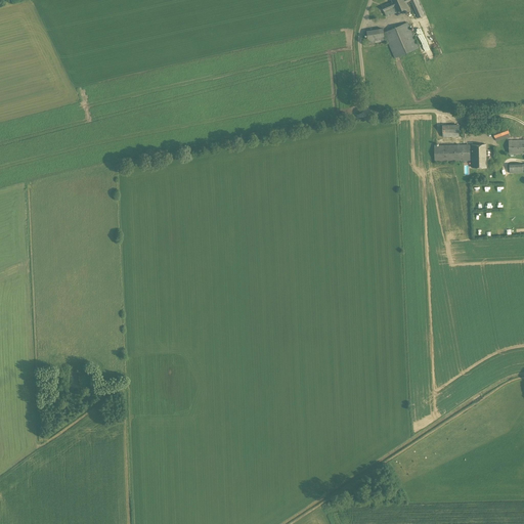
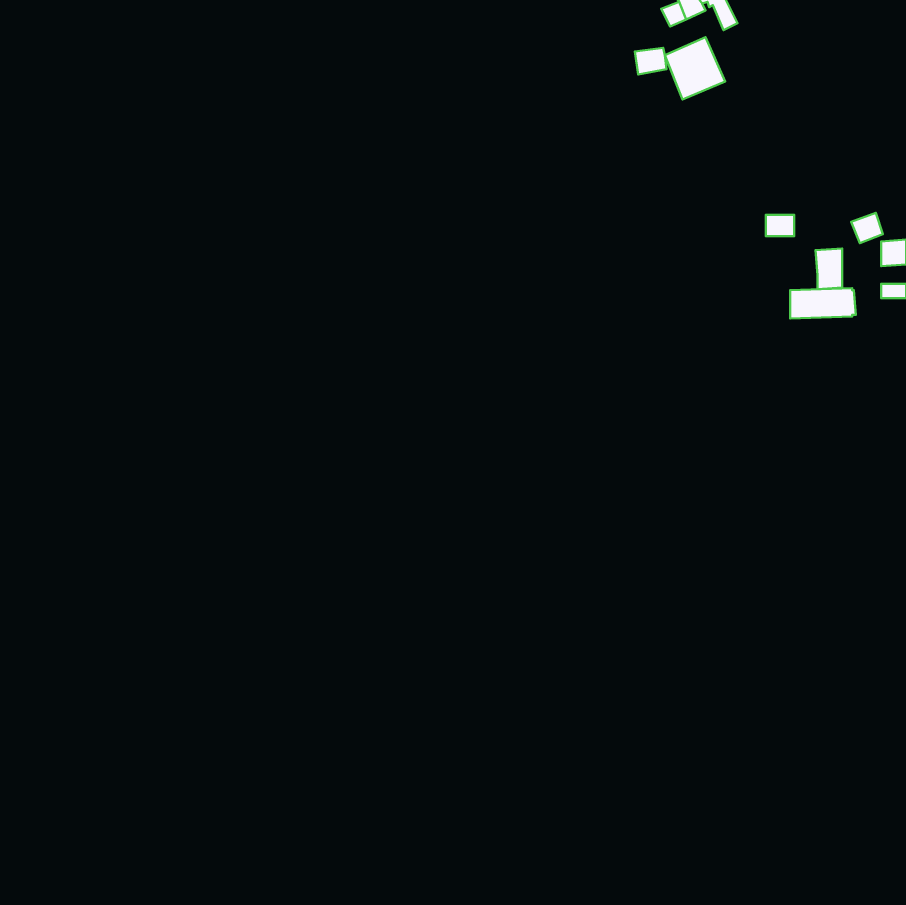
building: [434,143,472,161] -> [790,288,856,318]

